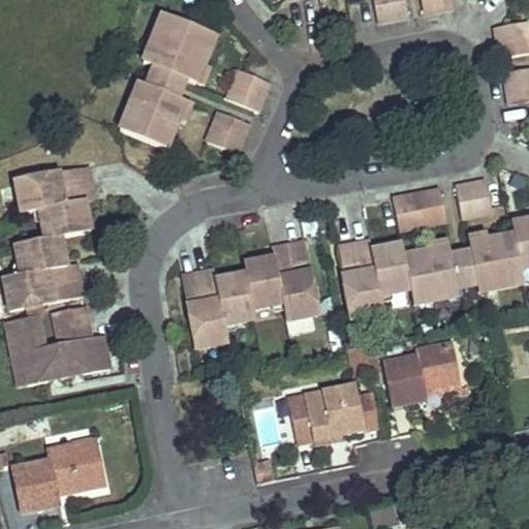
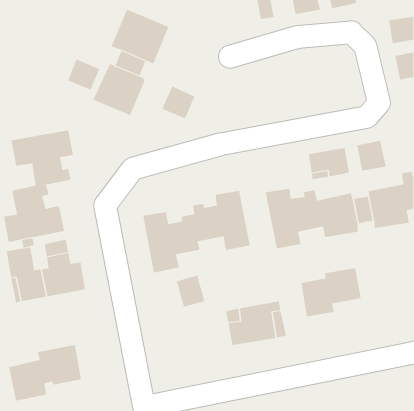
building: [227,68,270,111] -> none
building: none -> [68,58,100,90]
building: none -> [176,275,205,308]

